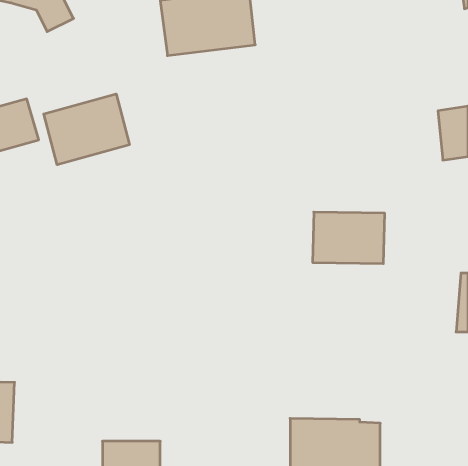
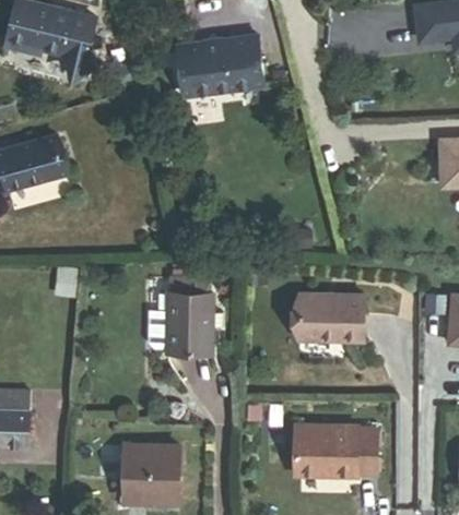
building: [44,94,129,165] -> none
building: [313,212,385,264] -> [299,294,365,340]
building: none -> [149,278,211,351]

